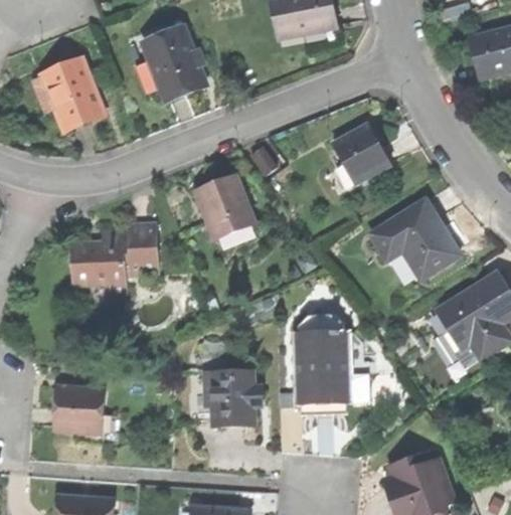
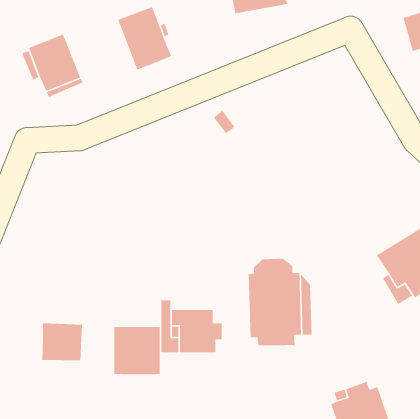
building: [332,124,389,183] -> none
building: [198,177,254,238] -> none
building: [371,196,461,277] -> none
building: [69,224,156,292] -> none
building: none -> [114,326,161,375]

